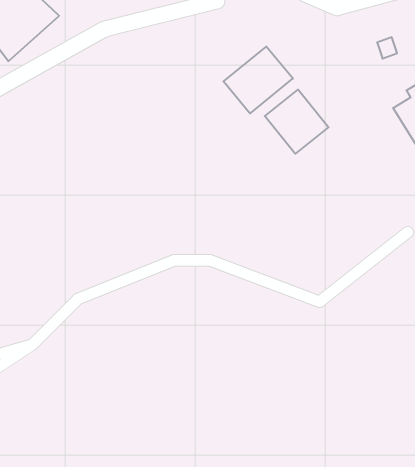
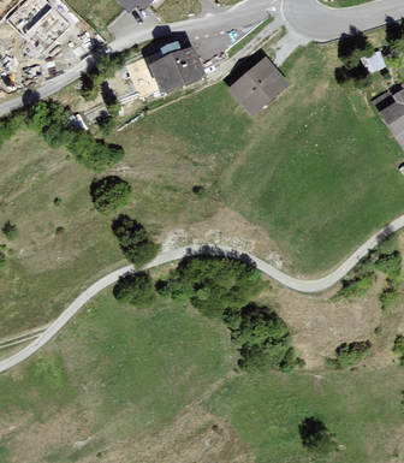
building: none -> [149,46,207,95]
building: [265,90,329,154] -> none

